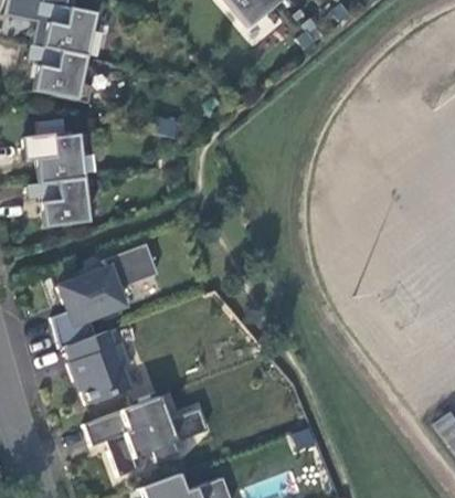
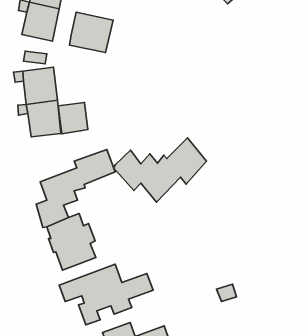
building: none -> [70,12,113,53]
building: none -> [58,103,88,134]
building: none -> [114,138,206,202]

